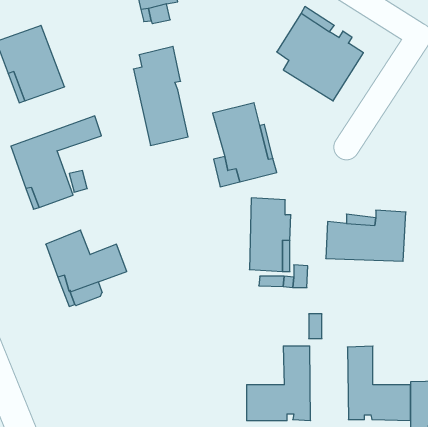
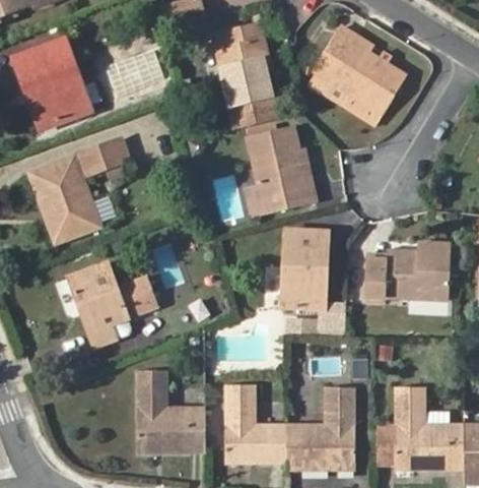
building: [133,46,188,145] -> [222,19,281,126]
building: none -> [133,371,202,451]
building: none -> [222,386,283,462]

